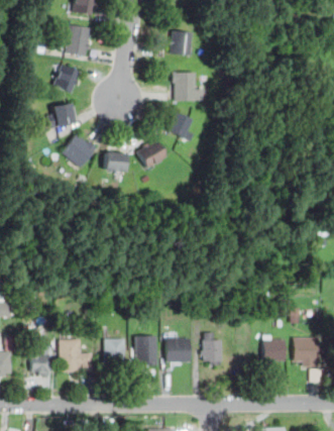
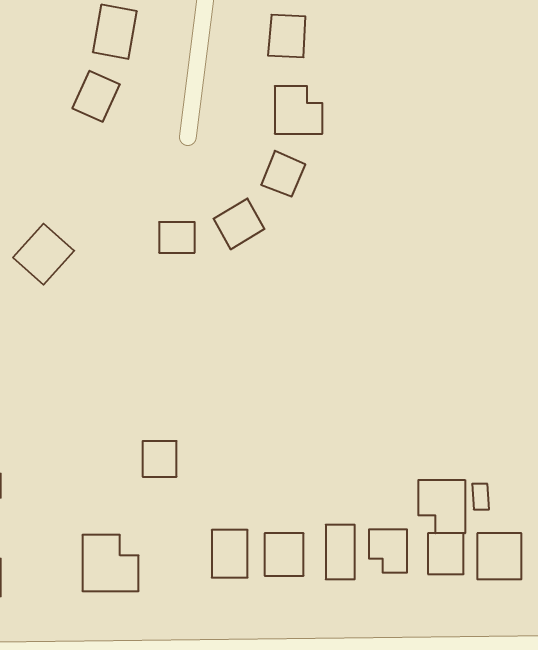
building: [46,103,76,127] -> none
building: [62,131,98,168] -> [13,224,74,285]
building: none -> [418,480,465,533]
building: none -> [369,529,407,573]
building: [105,337,125,358] -> [143,441,177,477]
building: [32,347,50,373] -> none

